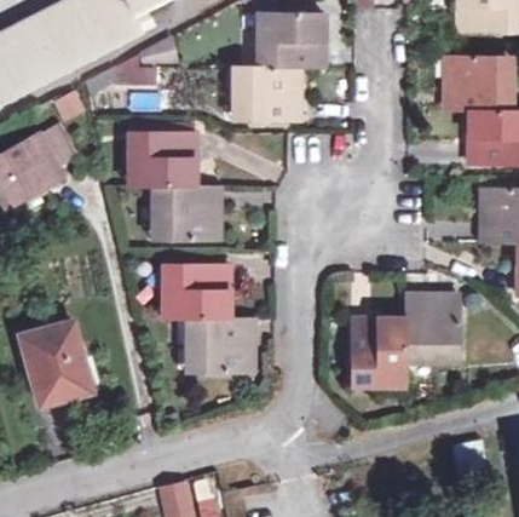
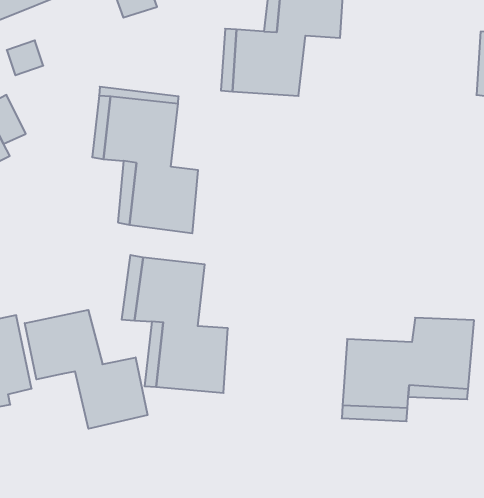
building: none -> [25,310,148,429]

